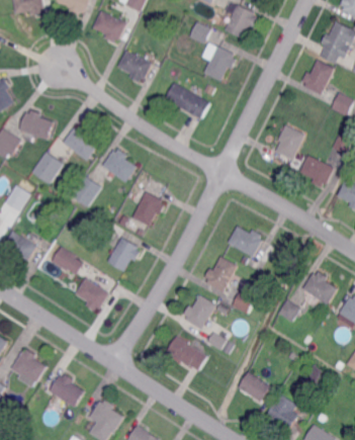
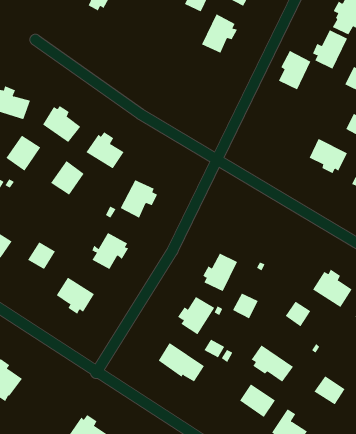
building: [117,50,152,82] -> none
building: [165,82,197,111] -> none
building: [275,123,304,159] -> [278,50,311,90]
building: [228,226,262,256] -> none
building: none -> [251,344,294,382]
building: [50,373,85,407] -> none

